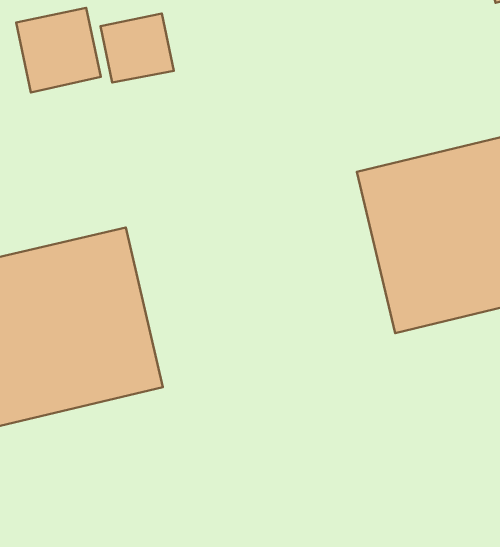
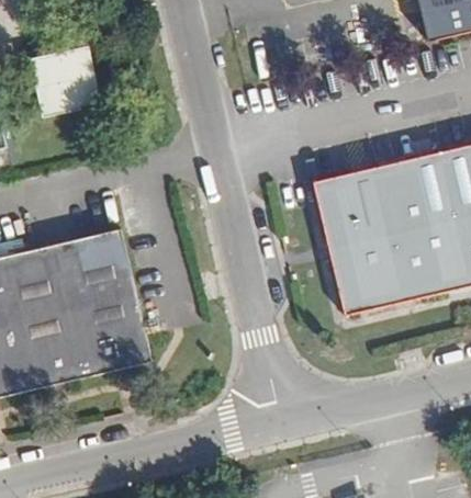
building: [101,14,174,83] -> none

